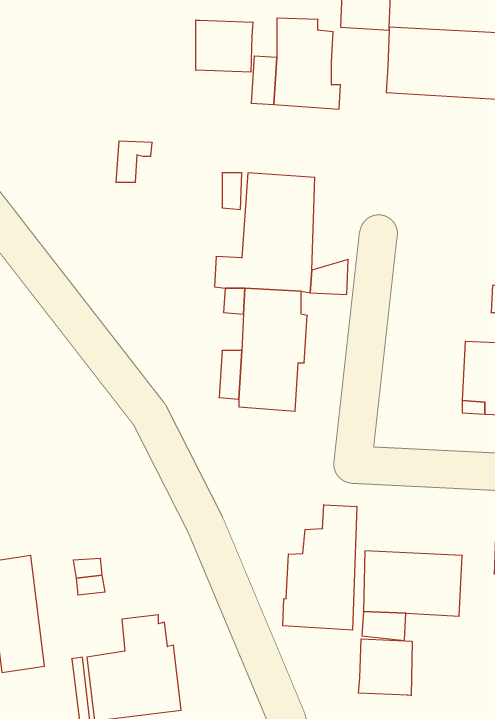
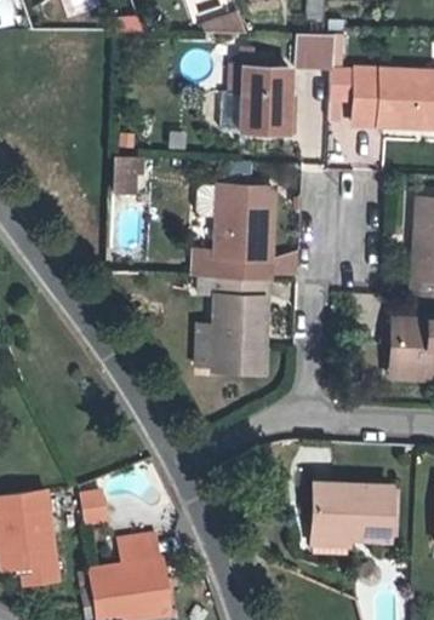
building: [196,20,253,72] -> none
building: [283,505,357,630] -> none
building: [358,639,412,696] -> none

